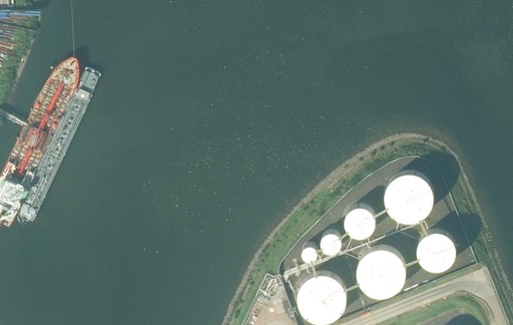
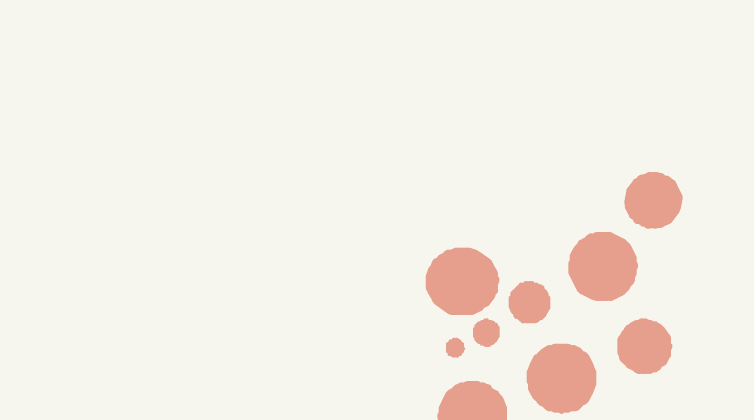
building: none -> [624,171,683,229]
building: none -> [425,247,500,316]

